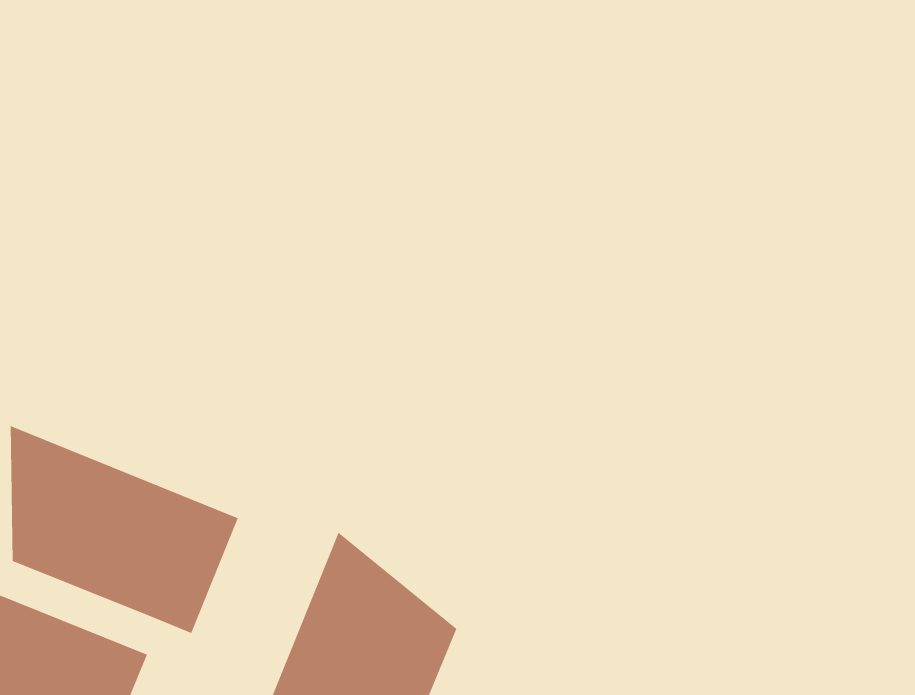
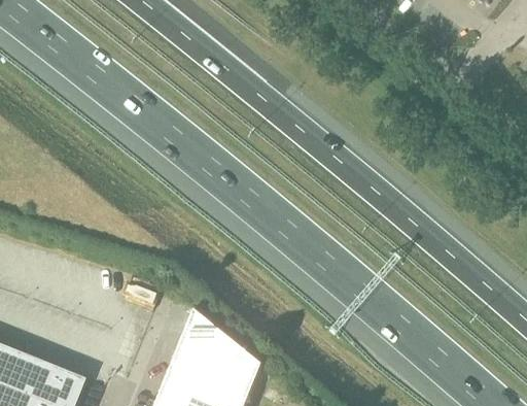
building: [10,425,239,634] -> none

